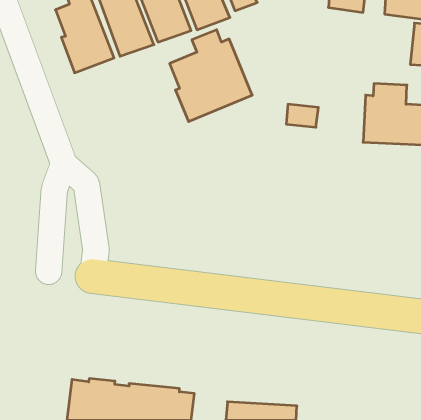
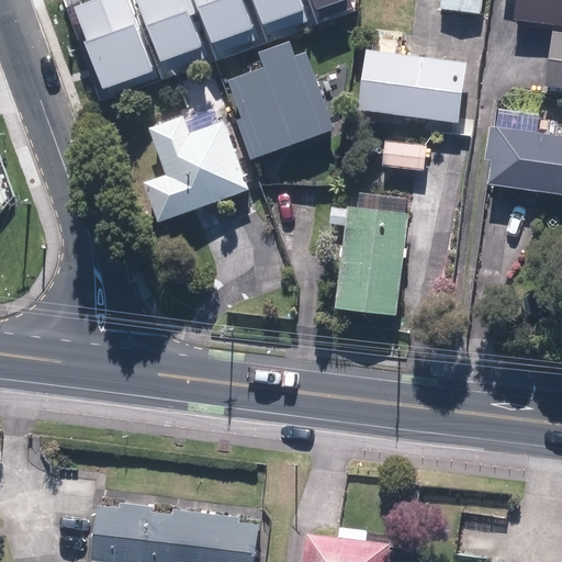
building: none -> [360,25,465,125]
building: none -> [142,106,248,222]
building: none -> [335,210,407,315]

